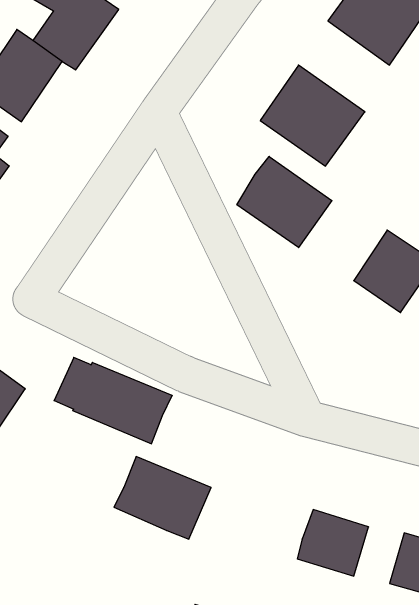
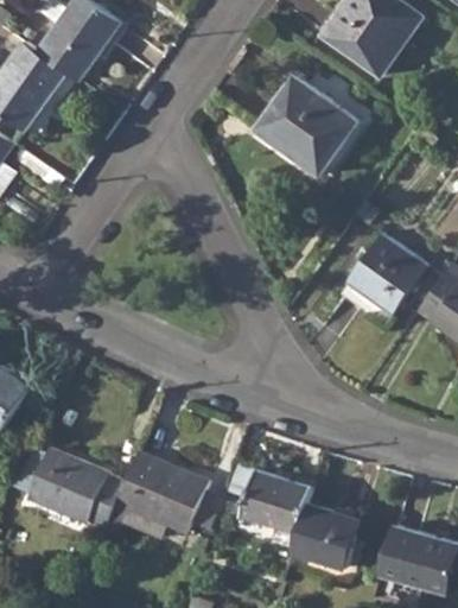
building: [237,156,332,248] -> none
building: [54,357,172,444] -> [11,446,125,530]
building: none -> [241,469,312,533]

